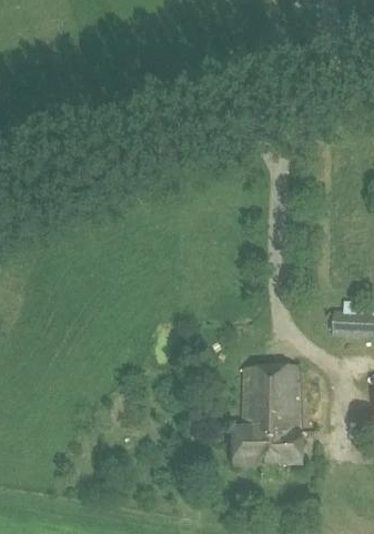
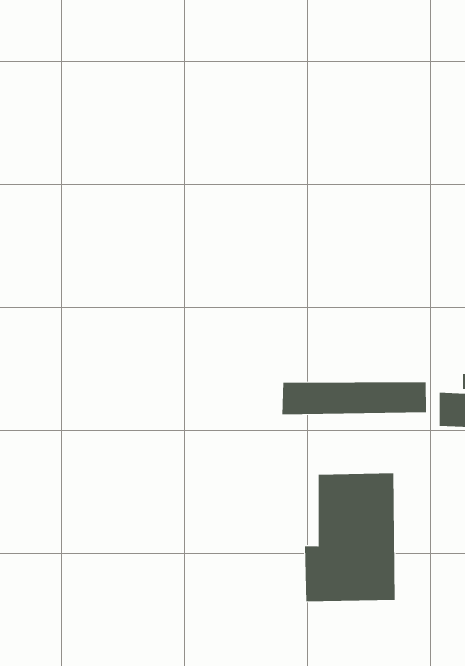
building: none -> [282,381,427,415]

